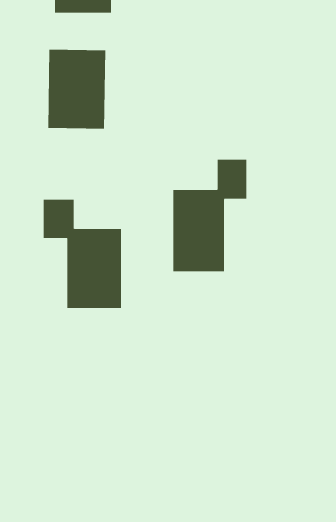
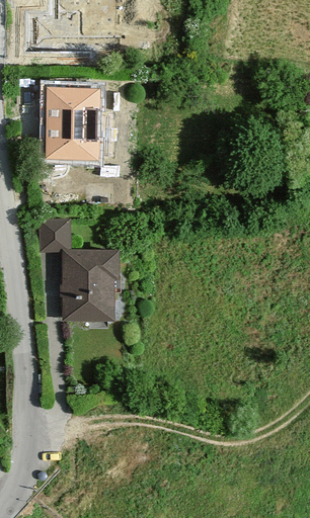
building: [173,159,247,272] -> none

